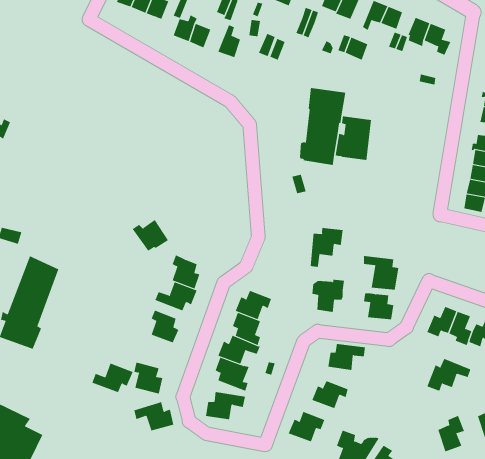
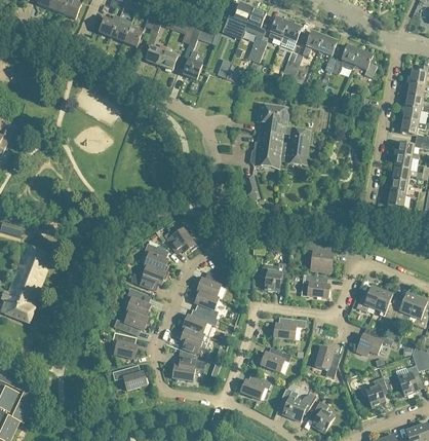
building: [132,219,169,251] -> [164,226,195,253]
building: [310,227,343,268] -> none
building: [91,362,133,393] -> [114,308,149,334]
building: none -> [315,345,340,376]

